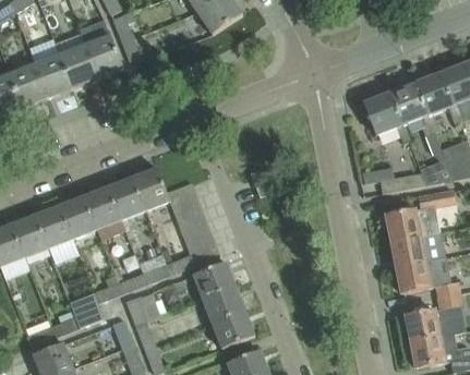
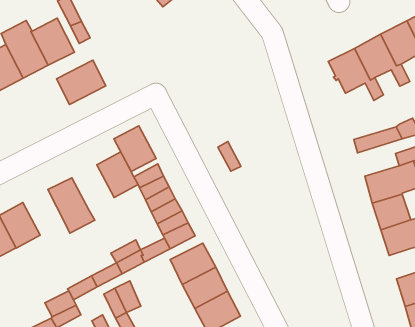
building: none -> [57,60,106,105]
building: [108,177,146,219] -> [114,126,156,171]
building: [59,195,97,238] -> none

